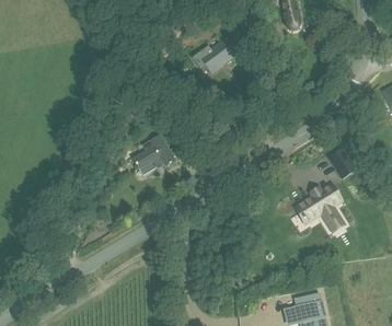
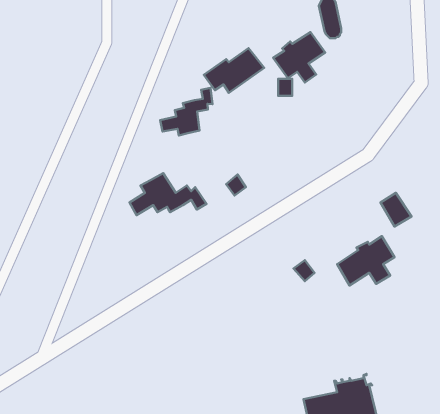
building: none -> [273,32,325,83]
building: none -> [160,88,212,135]

